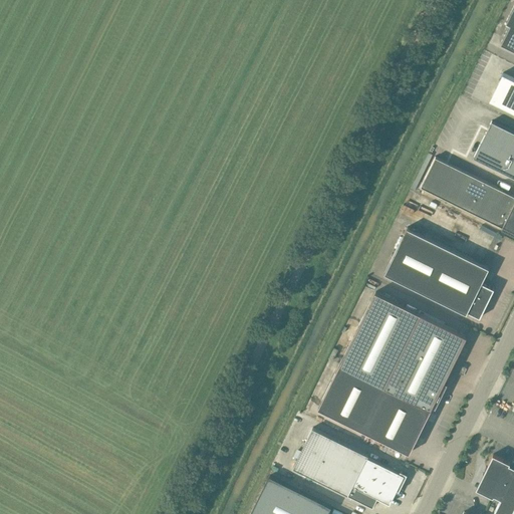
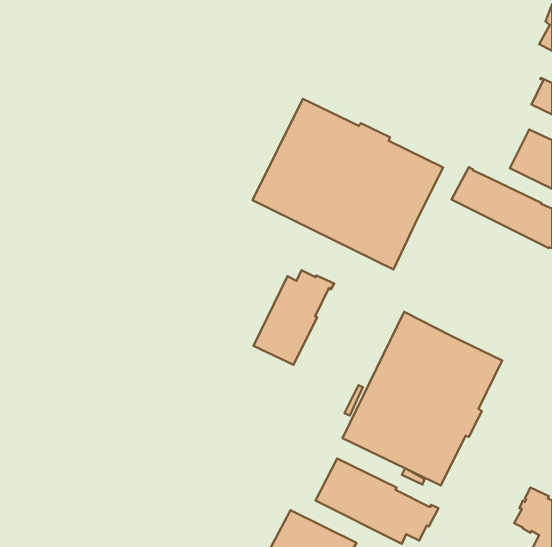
building: none -> [252,99,443,270]
building: [384,231,494,320] -> none
building: none -> [254,270,334,365]

